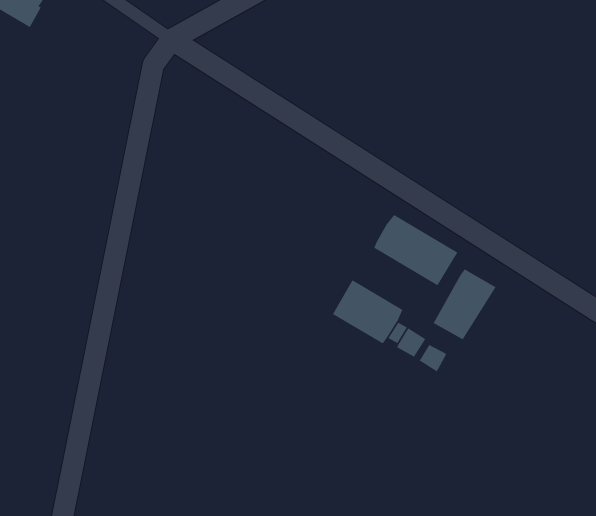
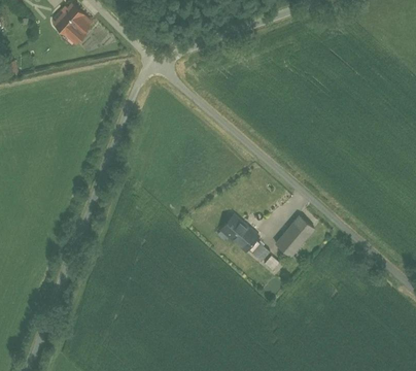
building: [373,214,458,286] -> none

